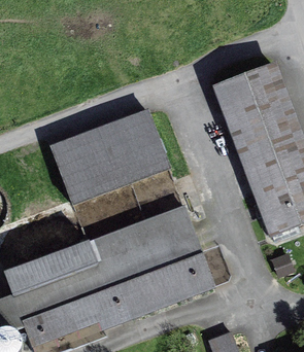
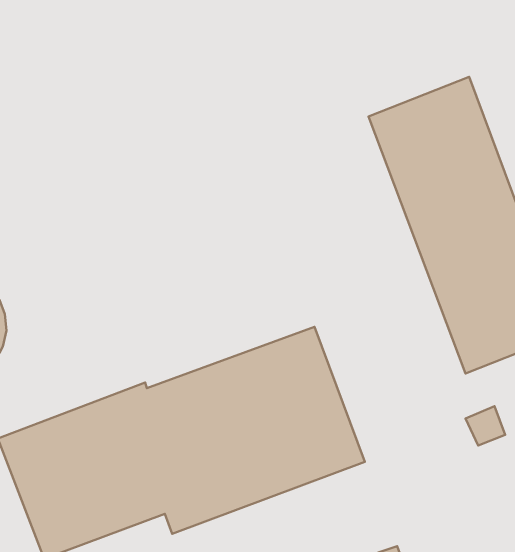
building: [50,112,170,205] -> none

